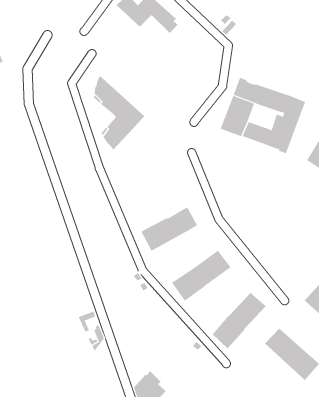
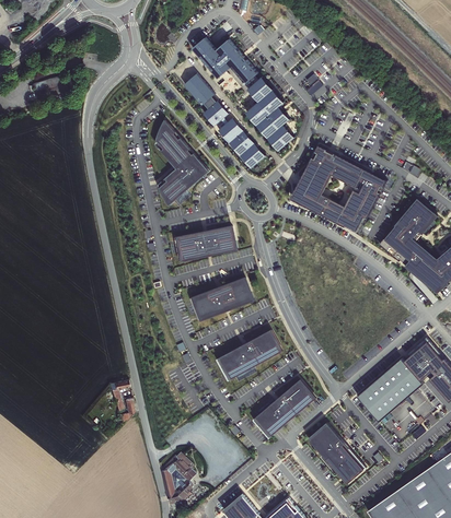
building: none -> [246,76,293,150]
building: none -> [183,74,227,126]
building: none -> [217,118,263,168]
building: none -> [172,226,234,261]

